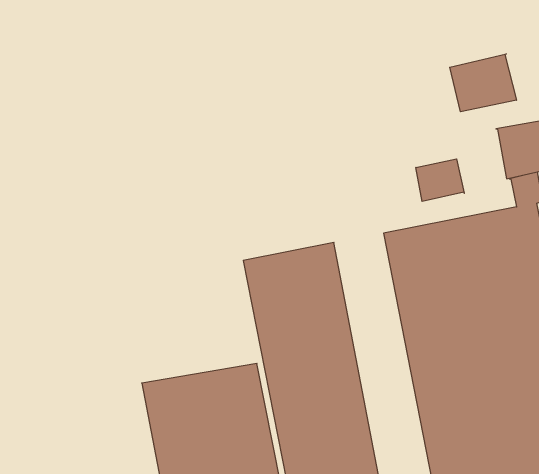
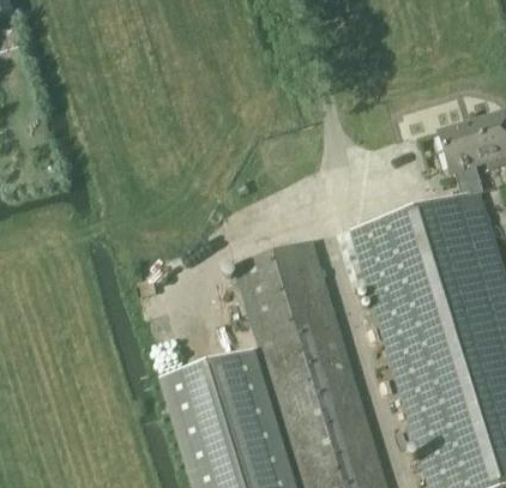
building: [450,54,516,112] -> none
building: [416,159,464,201] -> none

